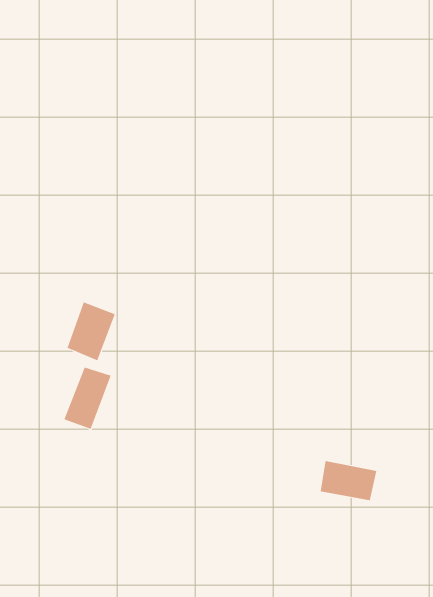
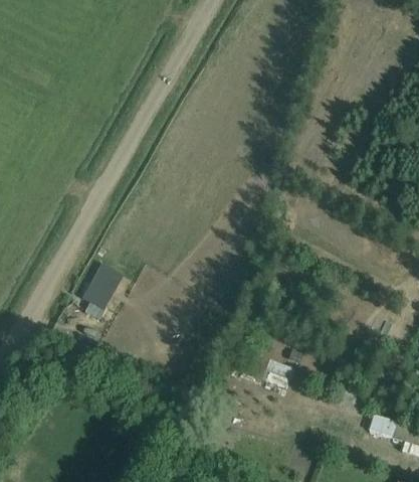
building: [67,301,115,361] -> none

